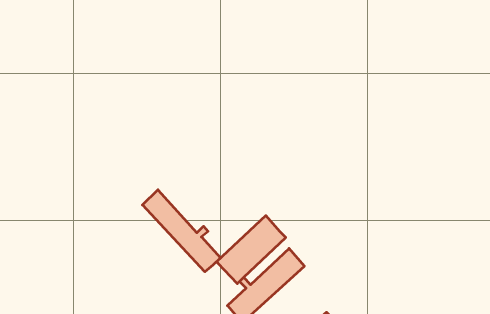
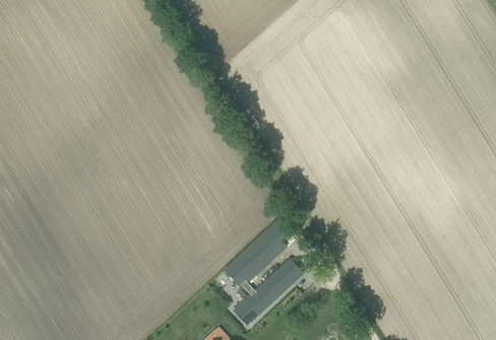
building: [142,190,220,272] -> none

